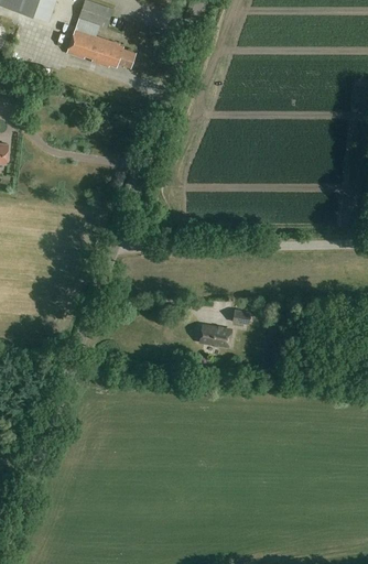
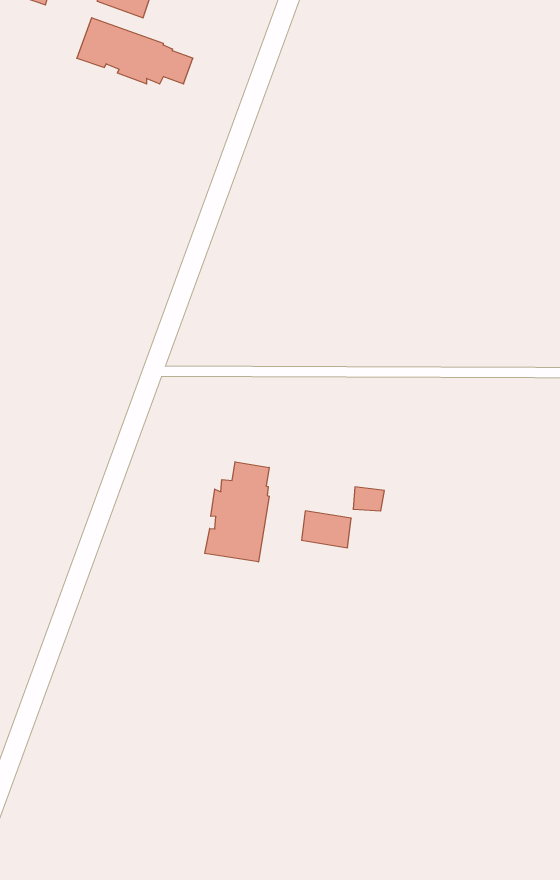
building: none -> [205,462,269,562]

